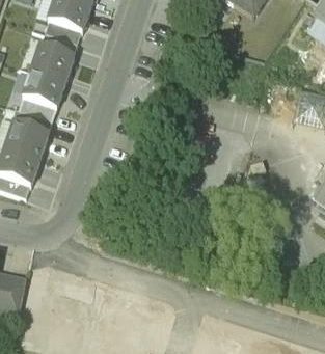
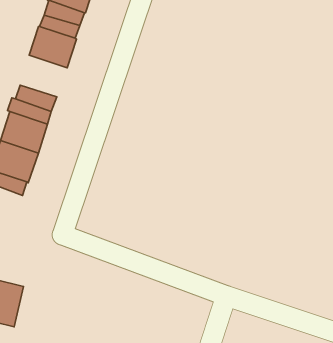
building: [22,67,67,108] -> none

